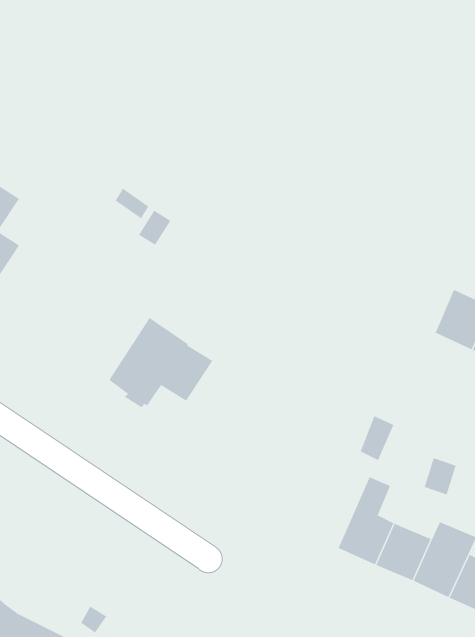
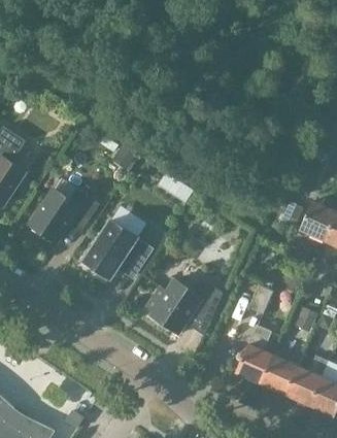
building: none -> [31,189,100,242]
building: none -> [147,278,223,334]

